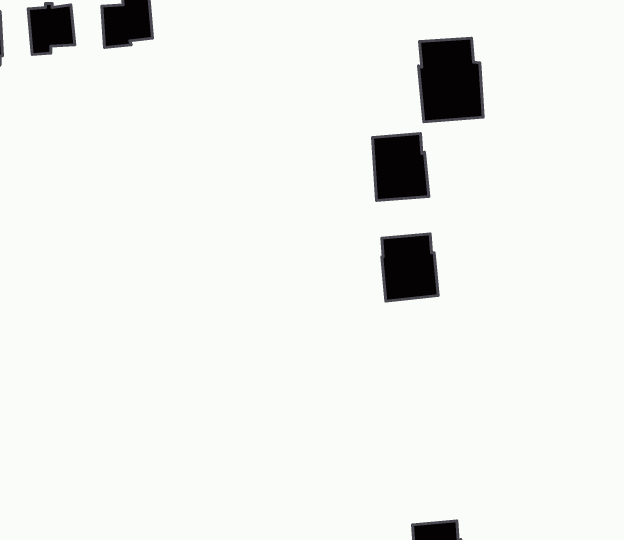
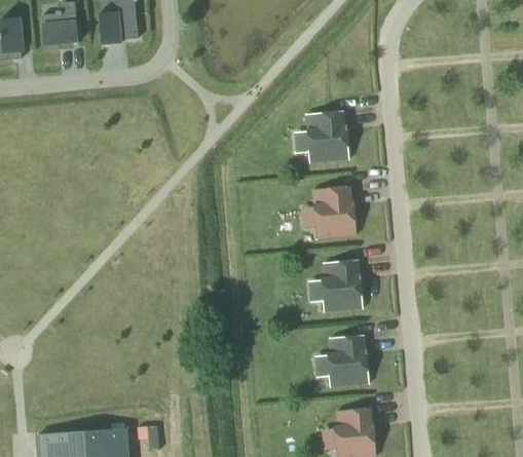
building: [419,38,483,122] -> none
building: none -> [320,260,363,311]
building: none -> [327,336,369,387]

